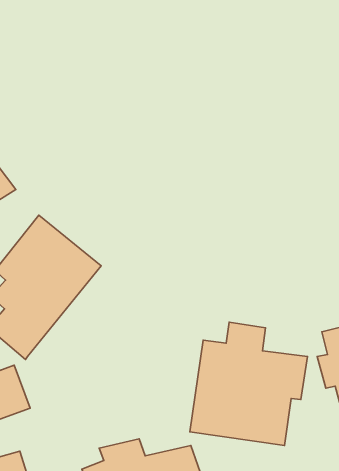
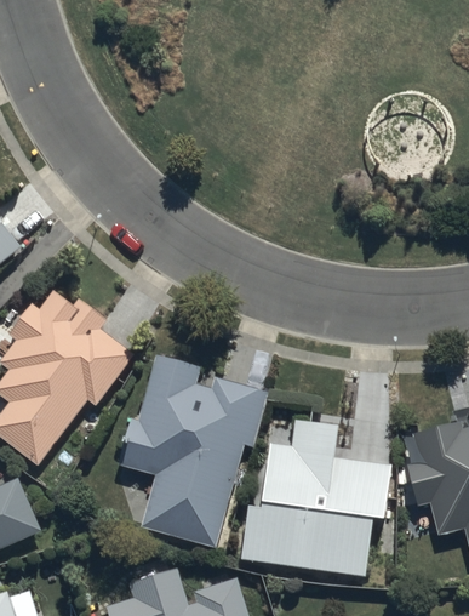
building: none -> [124,358,263,549]

